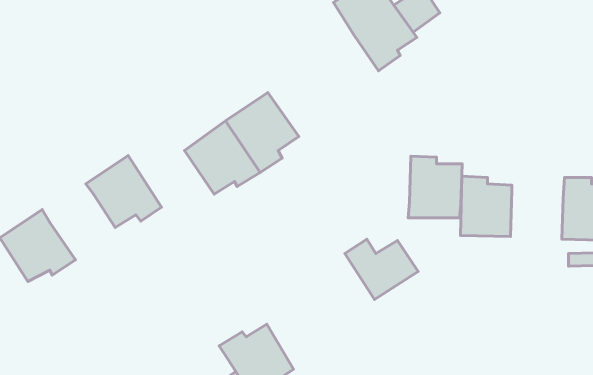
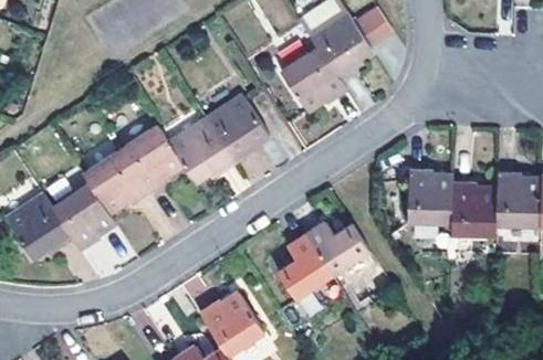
building: none -> [280,46,345,108]
building: none -> [121,127,181,194]
building: [408,156,462,218] -> [449,180,495,233]
building: none -> [53,183,116,251]
building: none -> [280,234,333,297]

